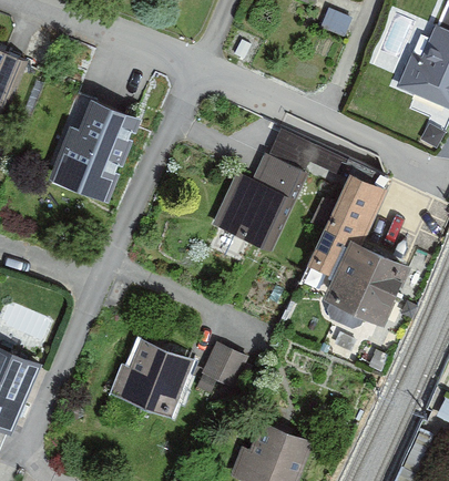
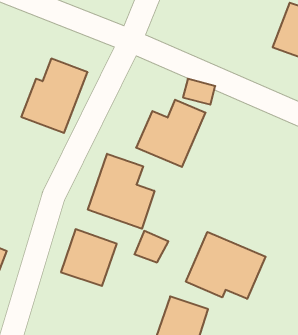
building: [297,167,396,318] -> none
building: none -> [88,154,154,229]
building: none -> [186,232,266,299]

